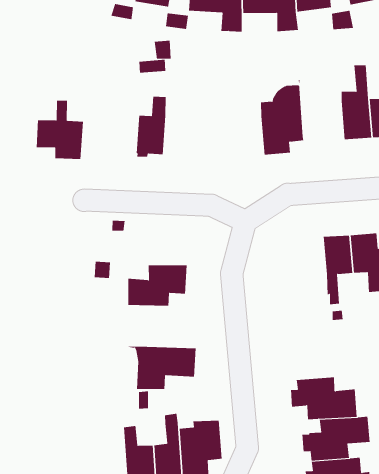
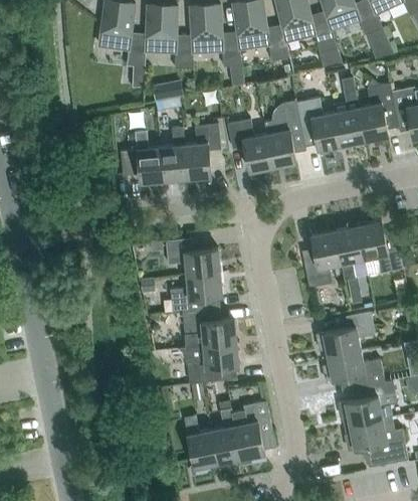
building: none -> [296,99,341,151]
building: none -> [185,126,219,179]
building: none -> [227,121,273,173]
building: [36,100,84,160] -> [121,132,163,183]
building: none -> [166,238,220,276]
building: none -> [301,231,341,288]
building: none -> [183,308,237,347]
building: none -> [317,312,375,358]

